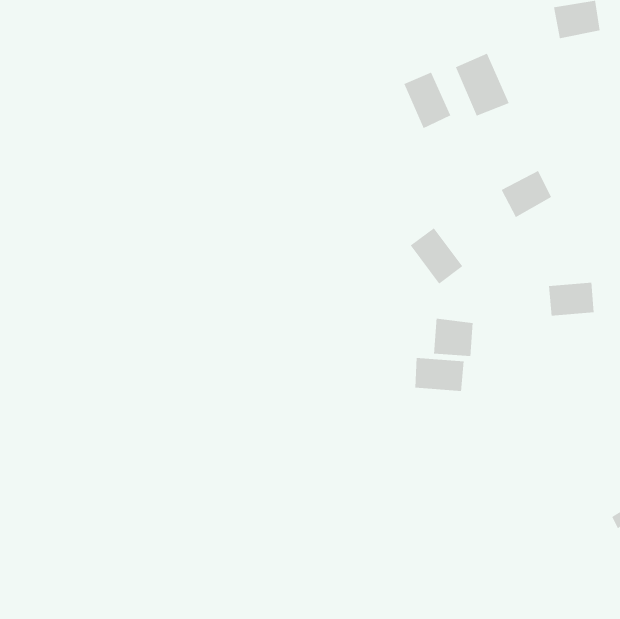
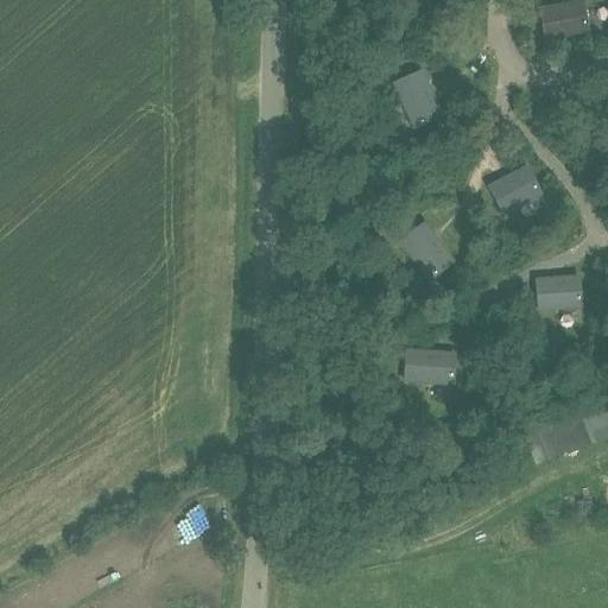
building: [455,53,509,117] -> none
building: [434,318,473,357] -> none

